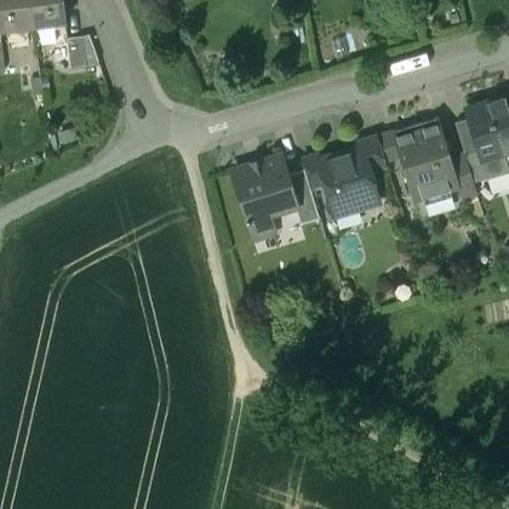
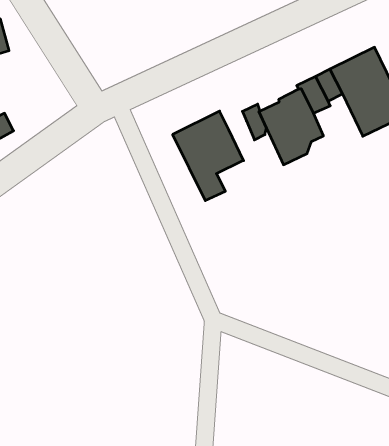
building: [286,170,319,225] -> none

